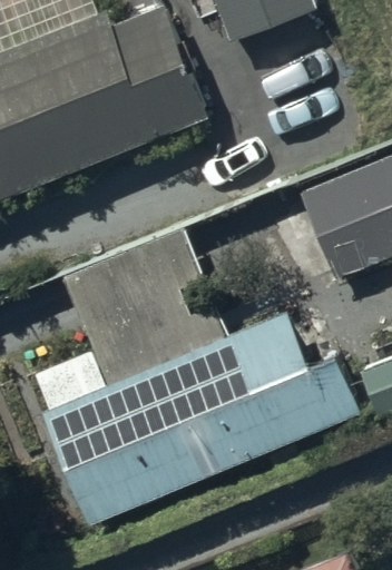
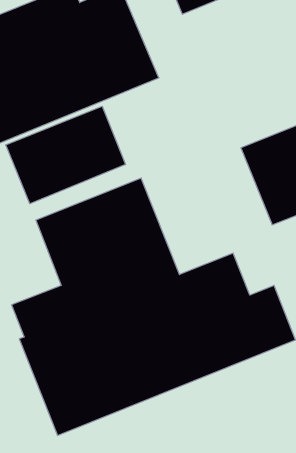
building: none -> [6,106,125,204]

